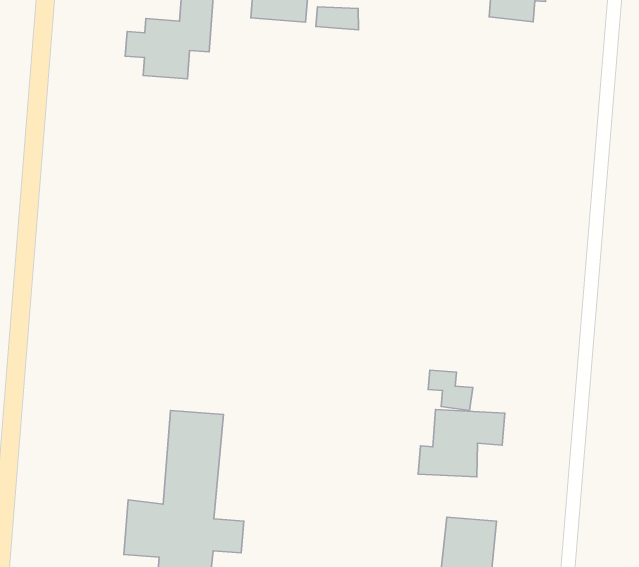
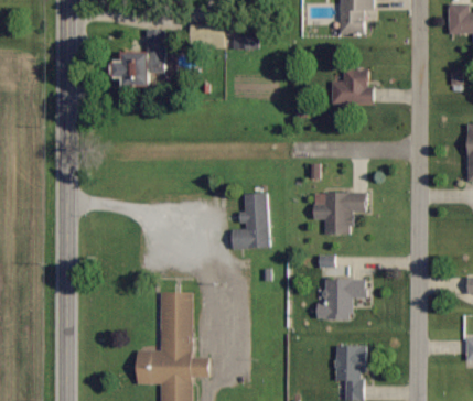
building: none -> [331,67,374,106]
building: none -> [230,193,269,249]
building: none -> [313,193,366,235]

